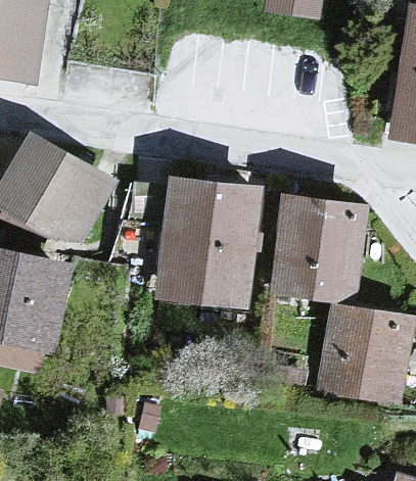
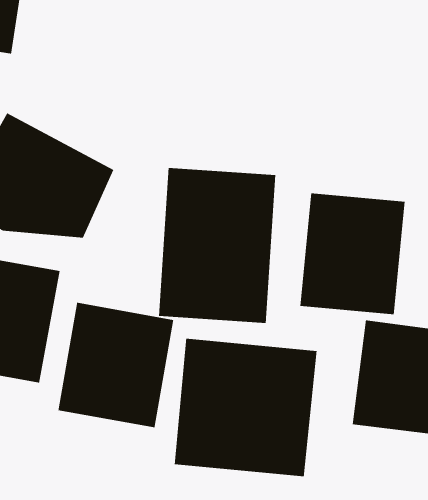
building: none -> [58,302,174,428]
building: none -> [174,338,317,477]

